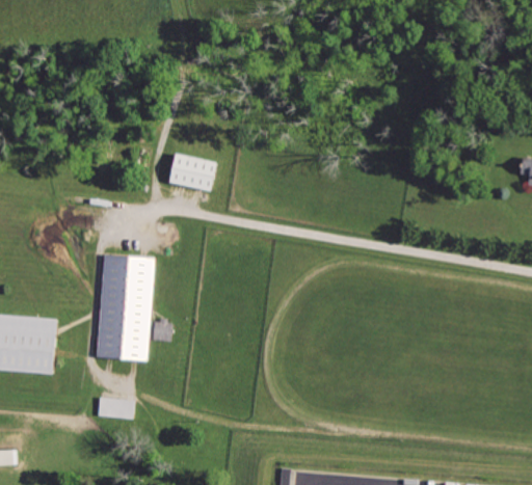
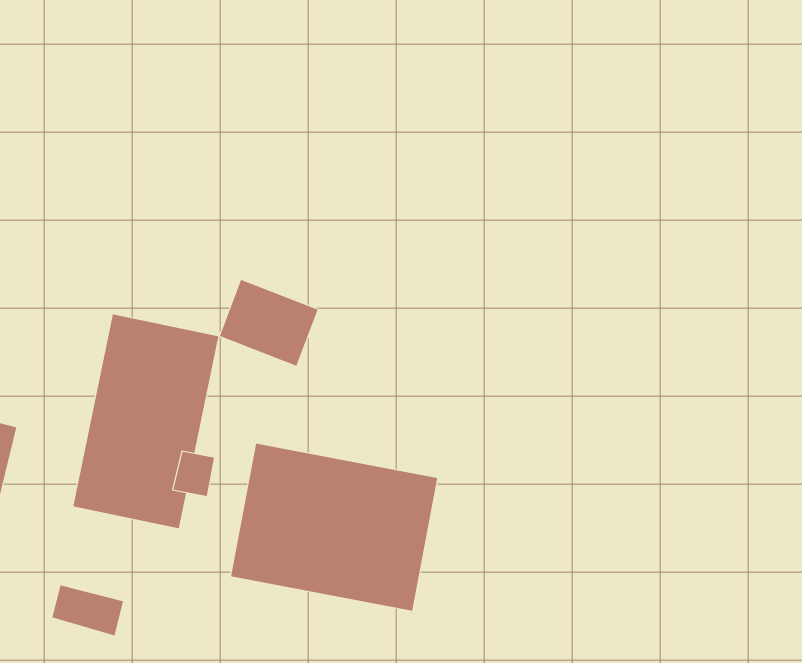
building: [167,156,217,197] -> [219,279,319,366]
building: none -> [231,443,438,611]

